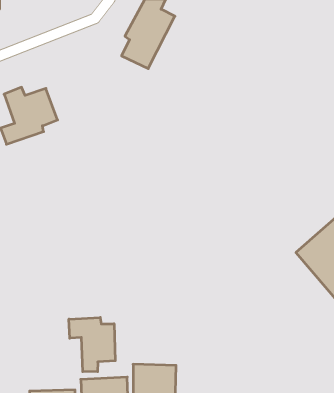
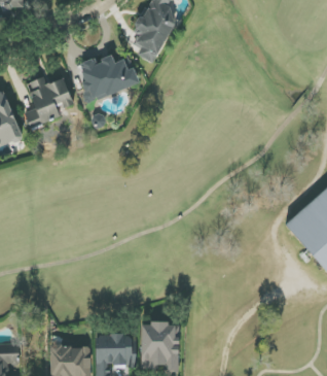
building: none -> [79,54,139,102]
building: [69,317,115,372] -> none

